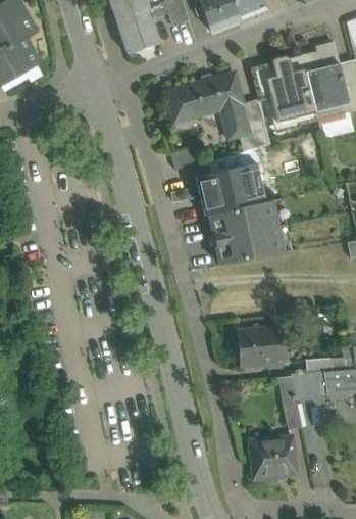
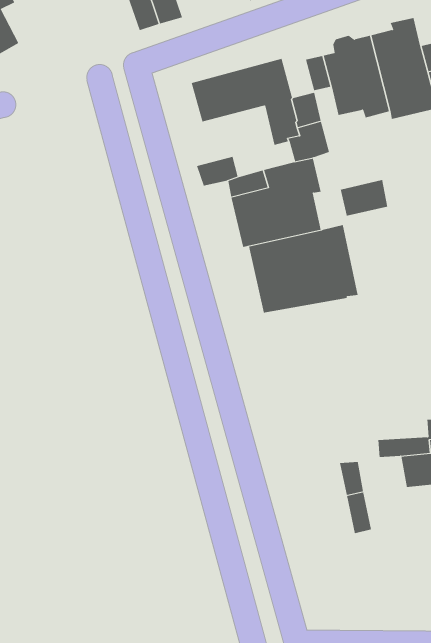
building: none -> [340,179,388,216]
building: [236,327,281,367] -> none
building: [290,372,326,398] -> none
building: [249,436,295,479] -> none

